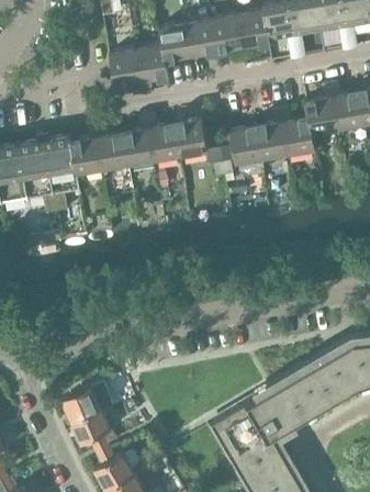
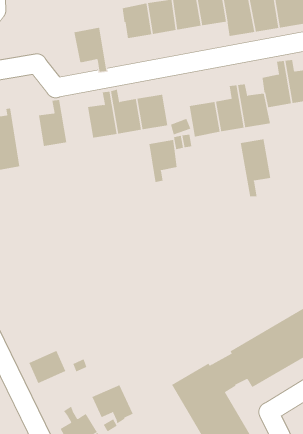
building: [136,44,169,94] -> none
building: [94,122,128,169] -> none
building: [43,132,80,194] -> none
building: none -> [240,139,271,197]
building: none -> [149,139,177,183]
building: [71,409,115,450] -> [92,384,134,424]

